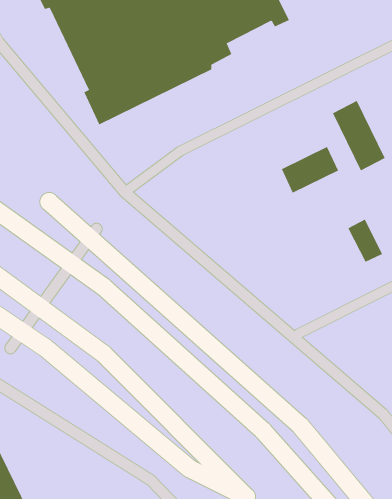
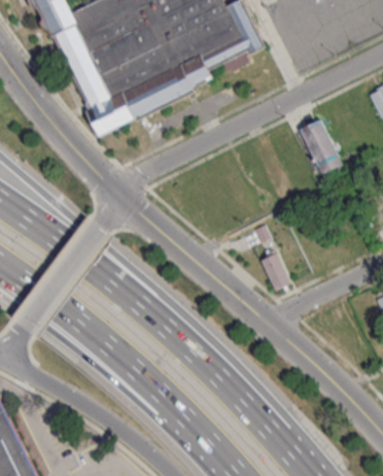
building: [281,146,339,193] -> none
building: [347,219,383,262] -> [263,250,293,288]

